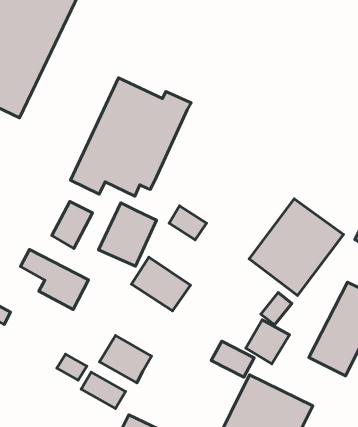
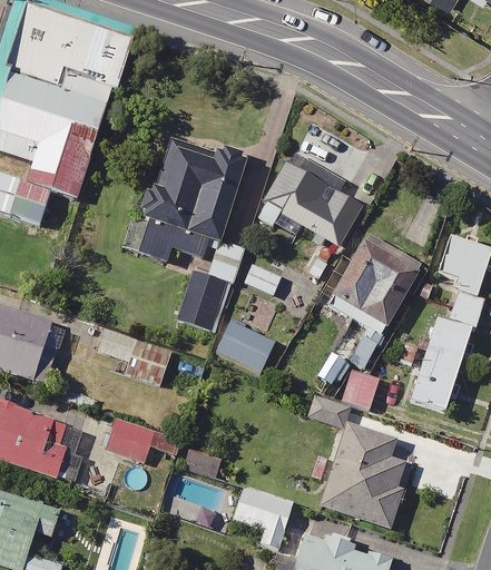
building: none -> [256,161,362,246]
building: none -> [208,240,246,282]
building: [52,201,92,248] -> none
building: [100,335,151,383] -> none
building: none -> [106,417,154,461]

